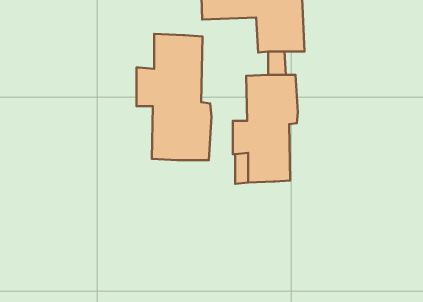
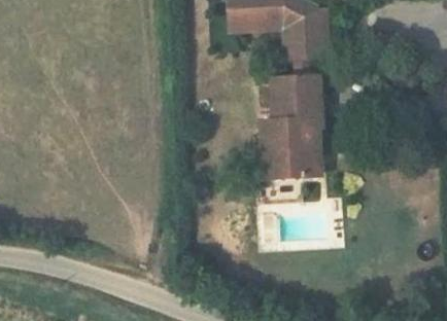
building: [136,34,211,160] -> none

